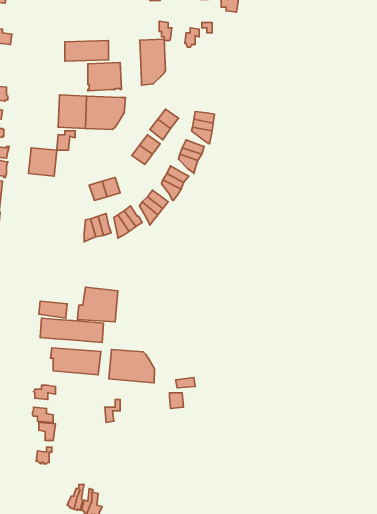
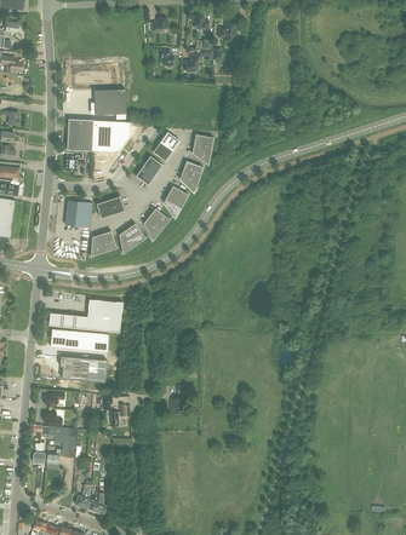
building: [140,39,166,85] -> none
building: [28,148,57,176] -> [64,201,91,228]
building: [109,349,155,383] -> none

